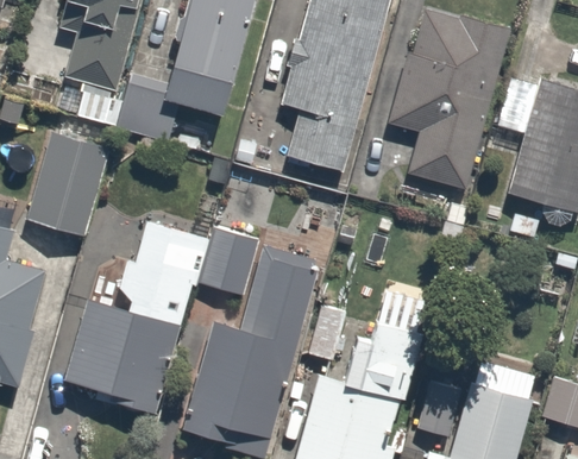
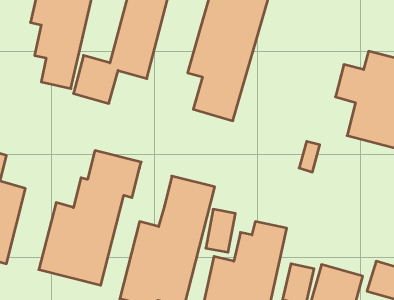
building: [384,13,509,188] -> none
building: [25,127,106,234] -> none
building: [200,243,257,297] -> none

